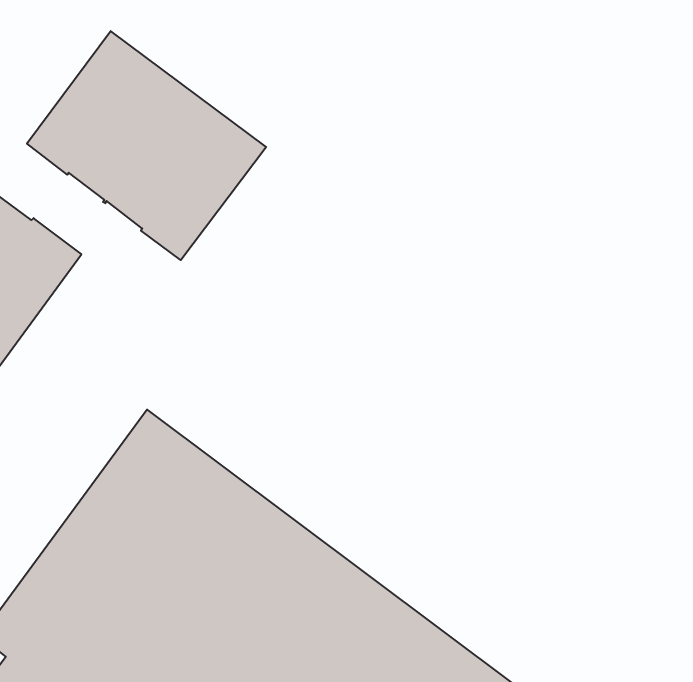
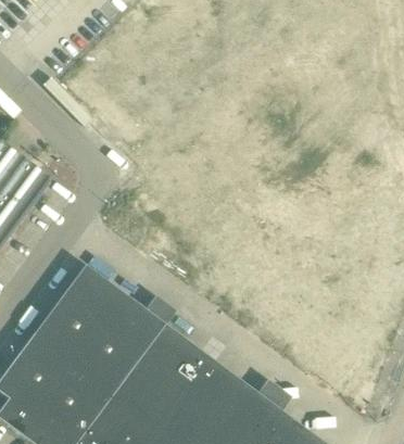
building: [27,31,266,260] -> none

